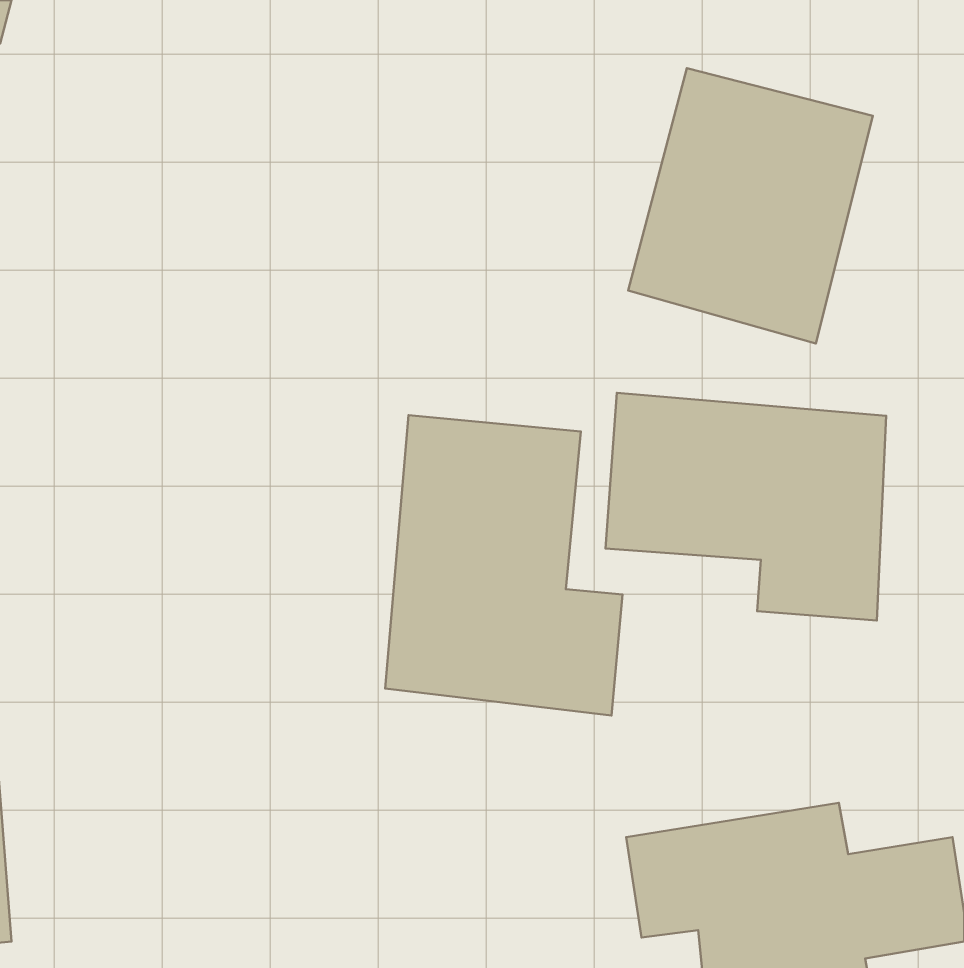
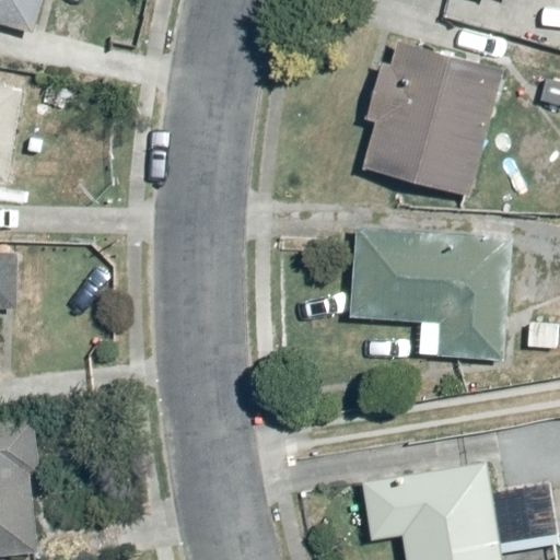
building: [385,415,623,716] -> none

